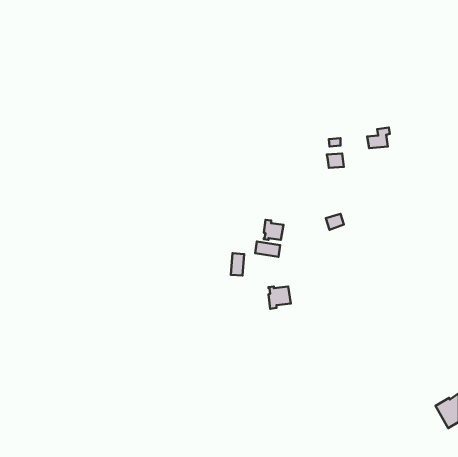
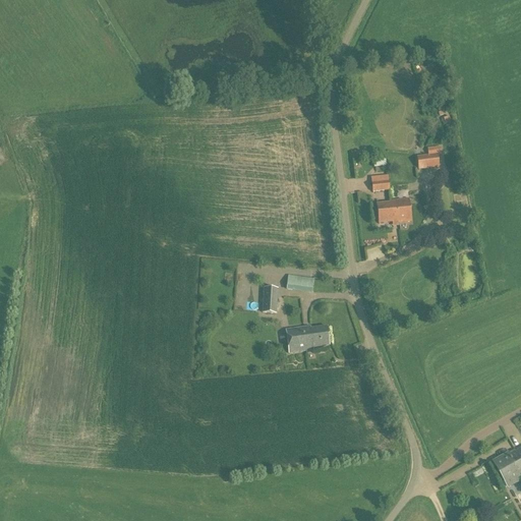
building: none -> [378,197,412,222]
building: [264,220,283,240] -> none
building: none -> [287,326,307,352]

